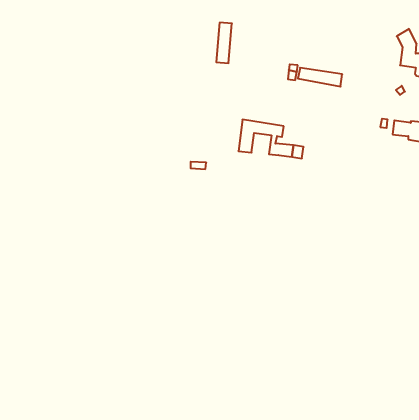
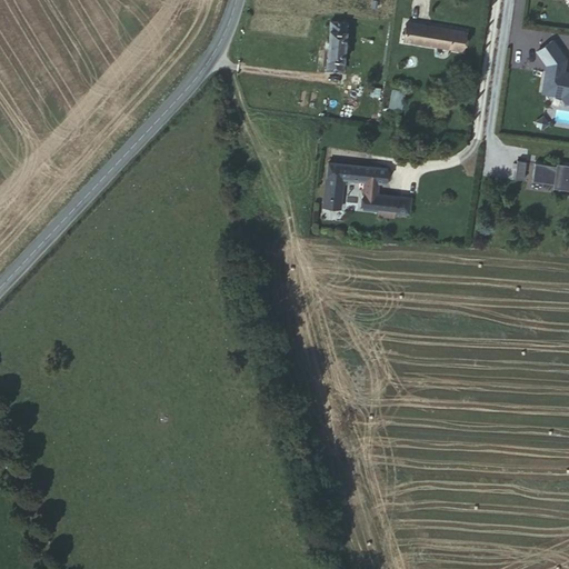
building: [216,23,232,63] -> [327,19,348,73]
building: [298,68,342,87] -> [400,23,460,49]

